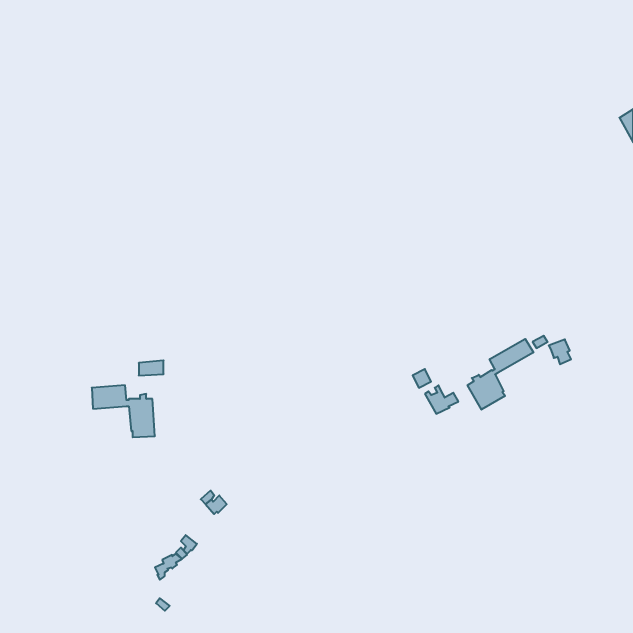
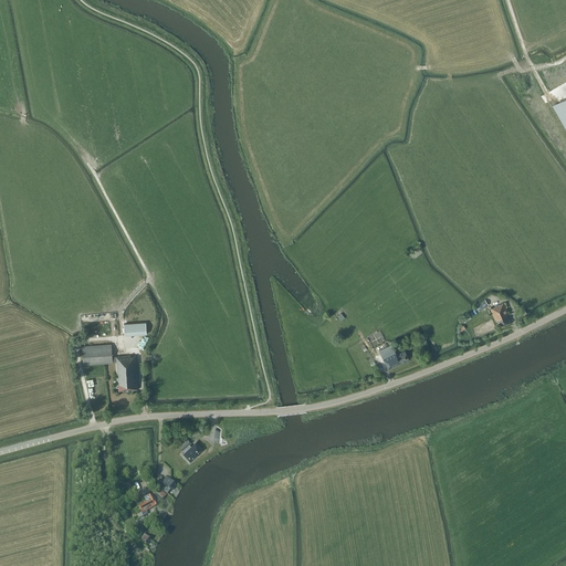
building: [468,339,533,410] -> none

